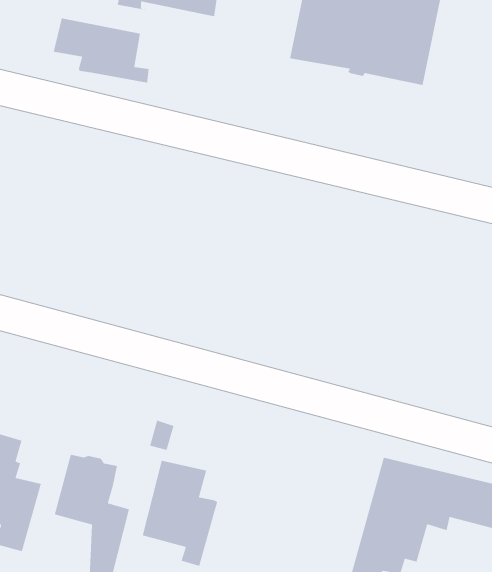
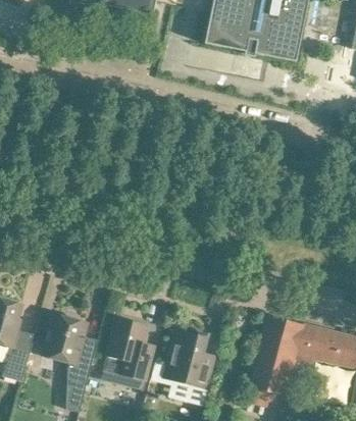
building: [53,17,150,84] -> none
building: none -> [167,328,214,388]

